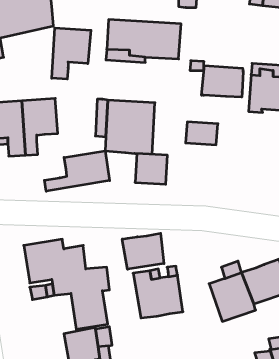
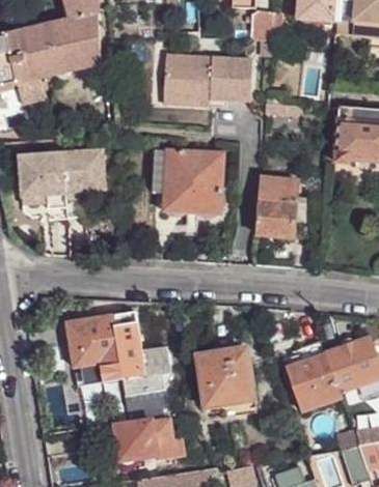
building: [52,28,91,79] -> none
building: [202,66,243,97] -> none
building: [44,151,110,191] -> none
building: [135,154,167,184] -> [256,200,295,236]
building: [122,233,164,269] -> none

